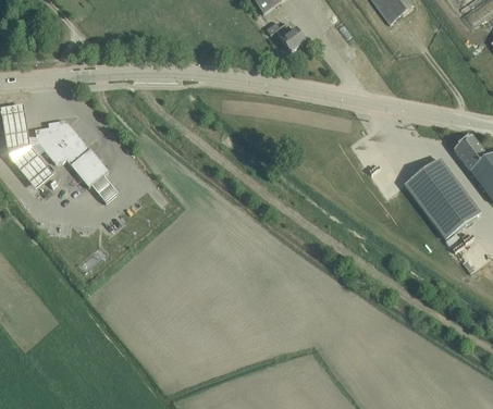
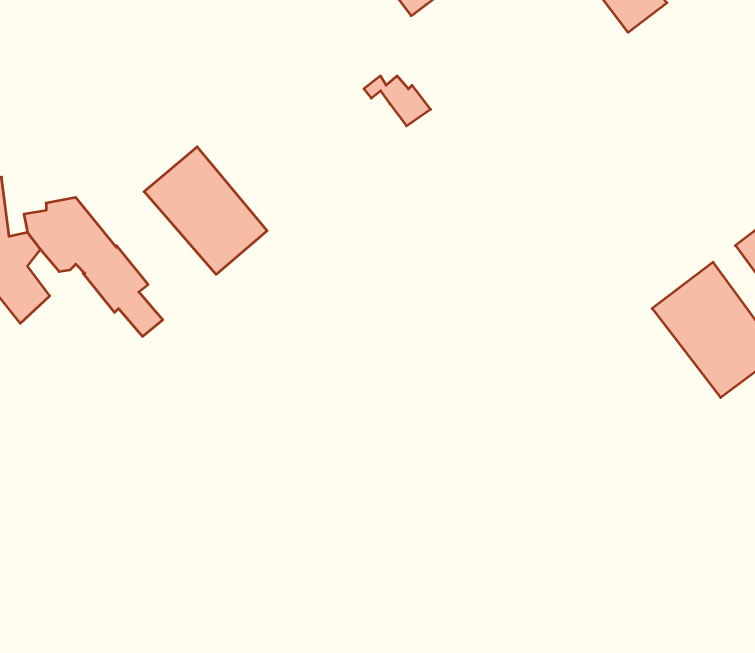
building: [266,20,305,49] -> [364,76,431,126]
building: none -> [144,147,267,274]

